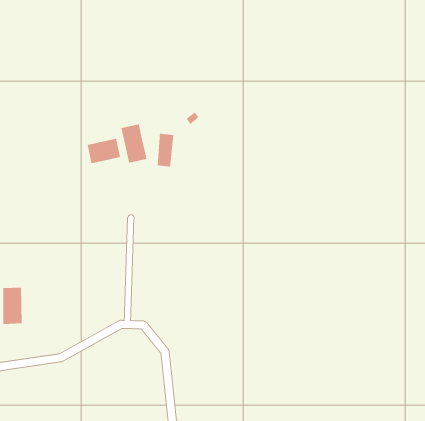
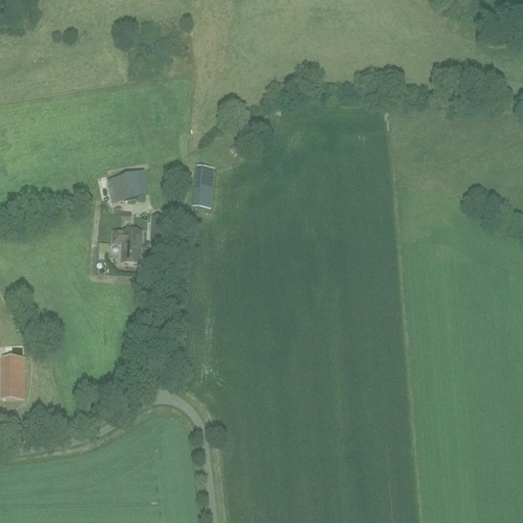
building: [121,123,147,164] -> none
building: none -> [111,228,140,262]

